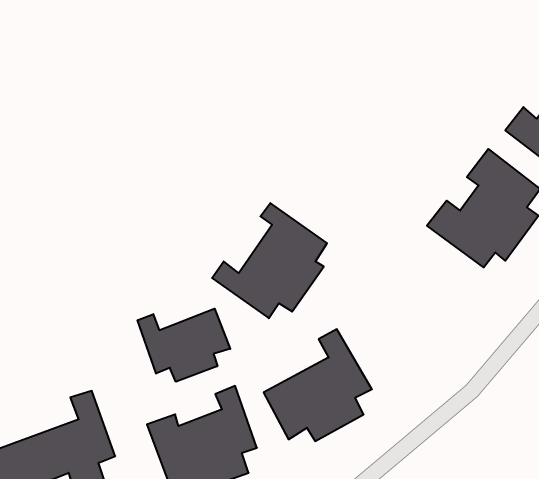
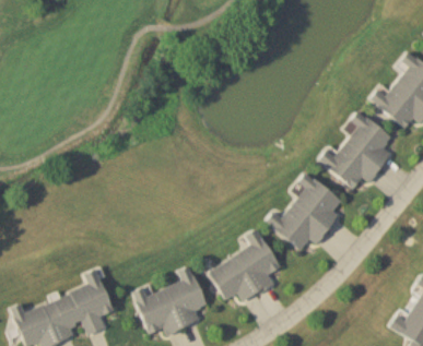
building: [212,203,327,318] -> [266,174,341,249]
building: [138,309,230,382] -> none

